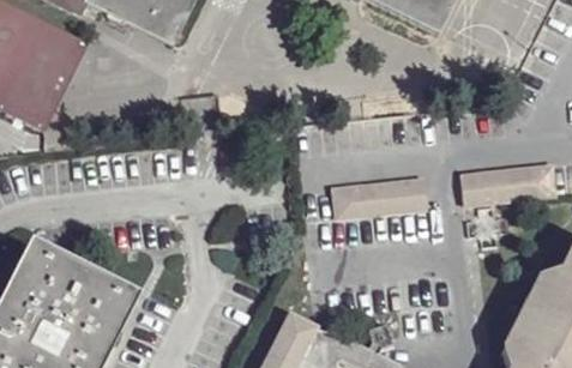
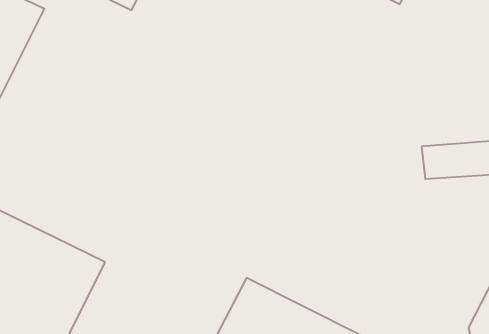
building: [335,180,428,217] -> none

